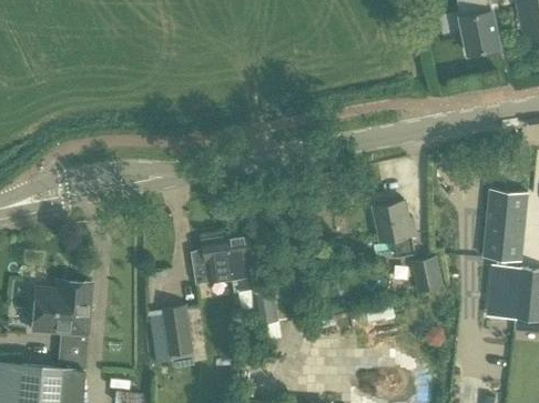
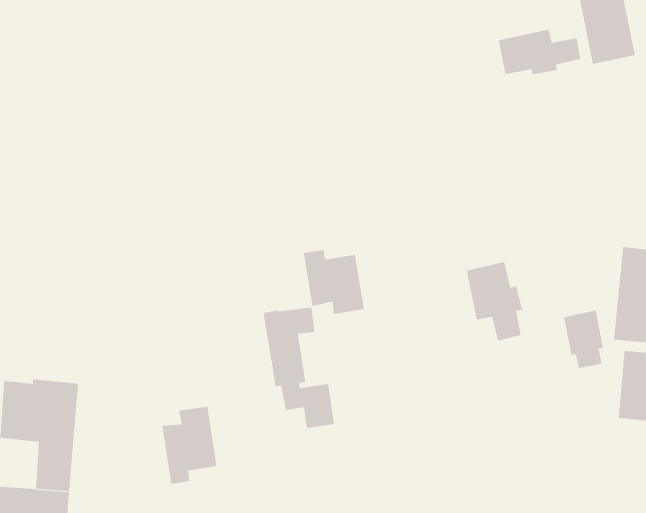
building: none -> [498,29,581,75]
building: none -> [303,249,365,315]
building: [192,238,232,282] -> none
building: [413,256,443,300] -> [563,310,604,368]

